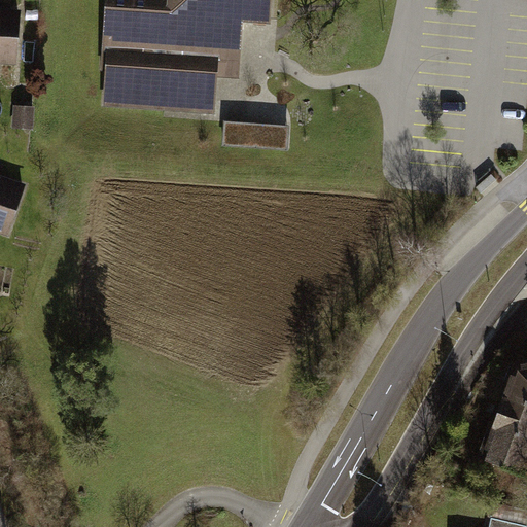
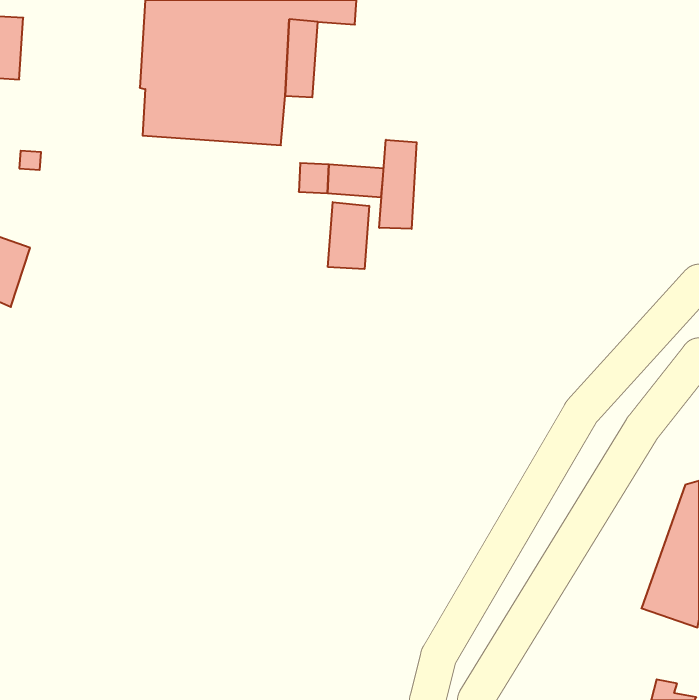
building: none -> [379,140,417,229]
building: none -> [328,202,369,269]

